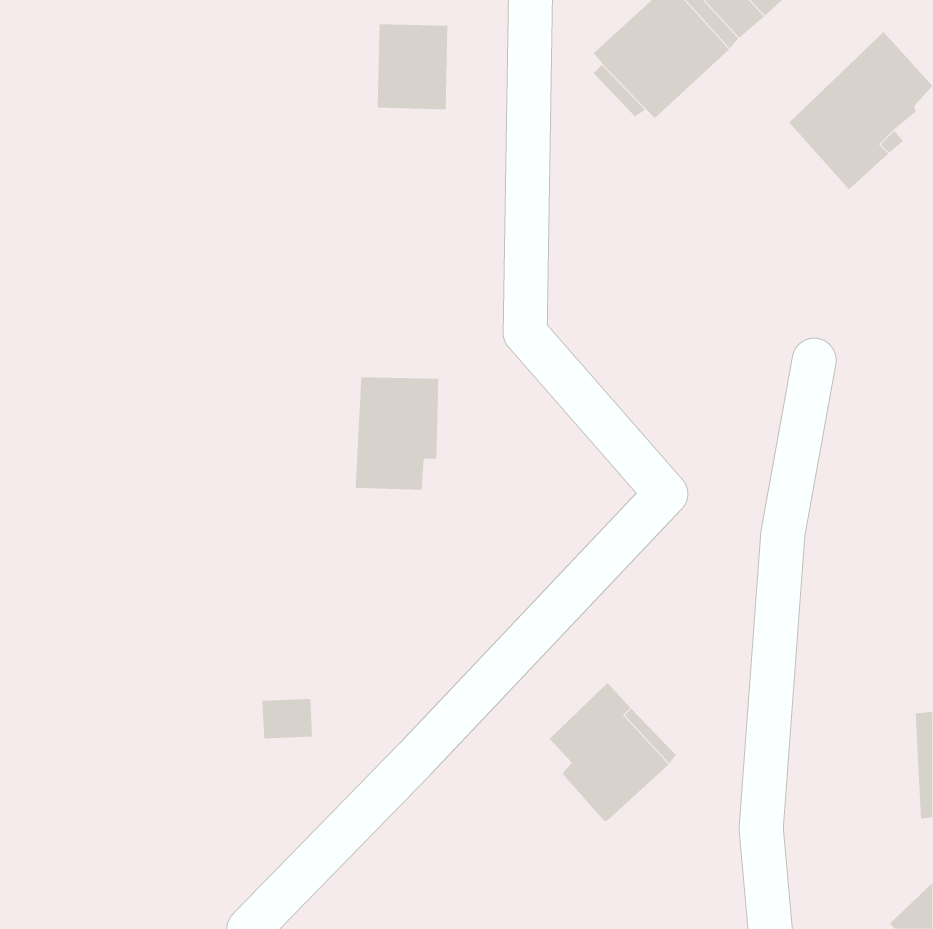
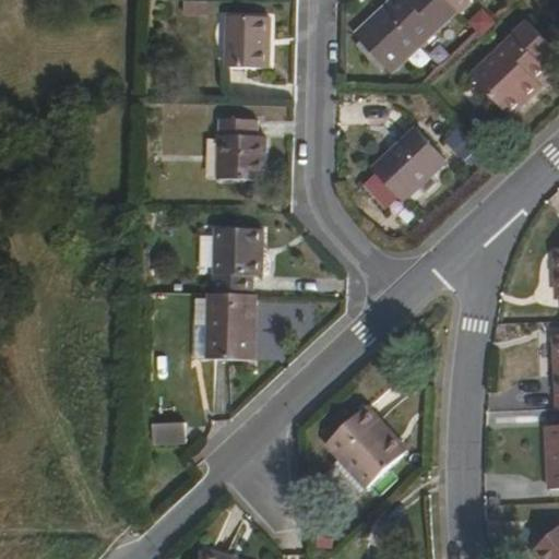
building: none -> [217,117,264,178]
building: none -> [373,128,444,199]
building: none -> [206,292,255,357]

